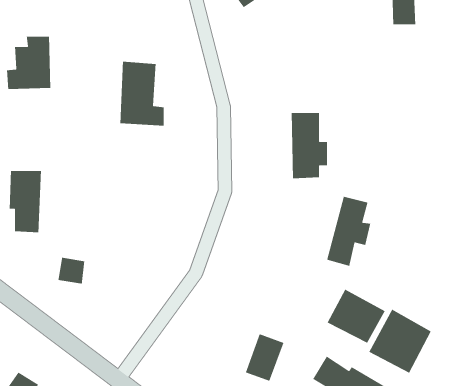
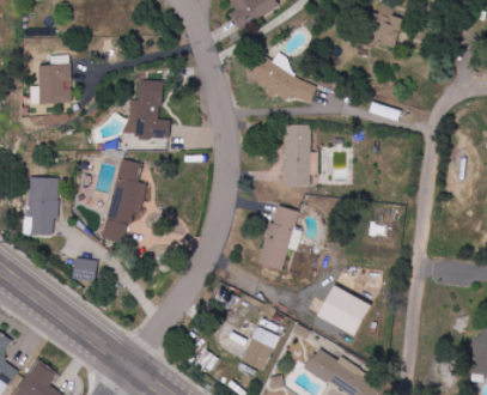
building: none -> [251,54,318,103]
building: none -> [104,159,147,244]
building: [326,196,371,267] -> [261,206,302,271]
building: [368,308,432,374] -> none

